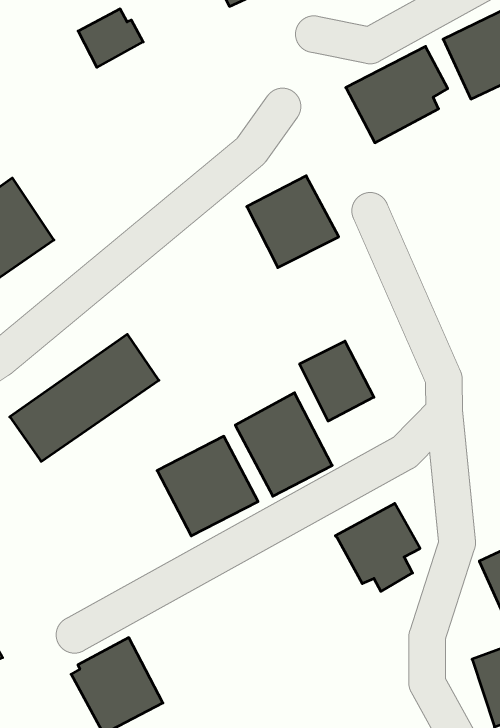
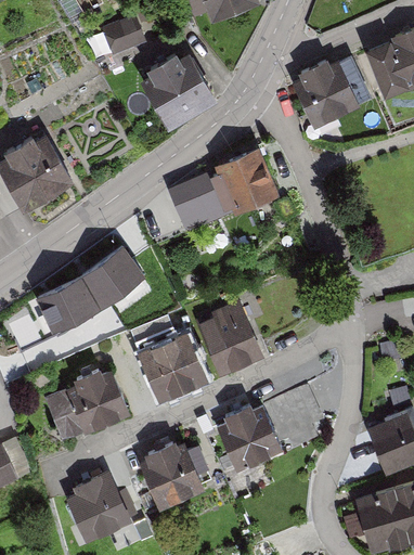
building: none -> [141,51,218,128]
building: none -> [164,169,224,225]
building: [300,341,374,421] -> none
building: none -> [44,367,130,441]
building: none -> [217,404,283,469]
building: none -> [139,440,205,508]

